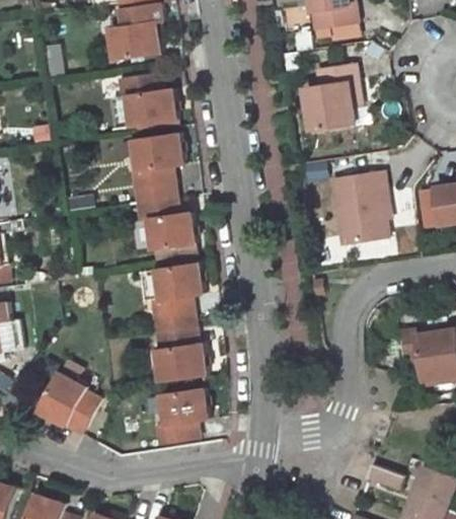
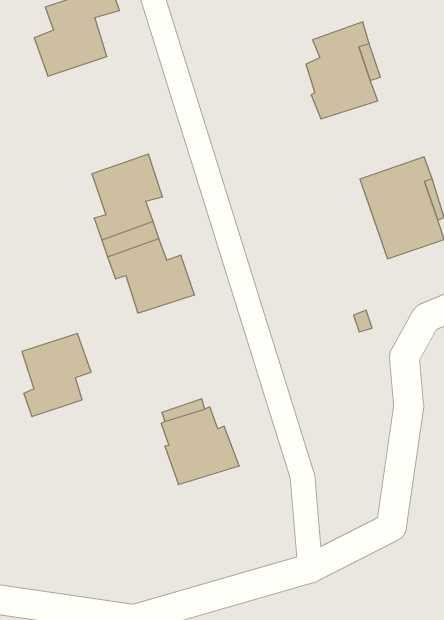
building: [115,65,176,130] -> none
building: [148,266,201,321] -> [22,334,91,417]
building: [40,376,101,436] -> none
building: [157,390,209,446] -> none

